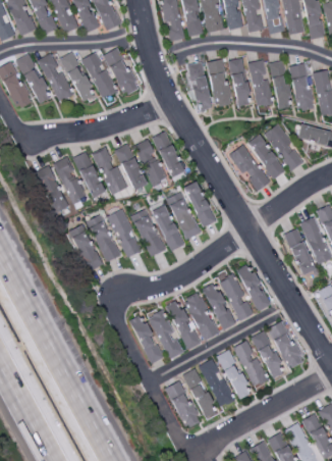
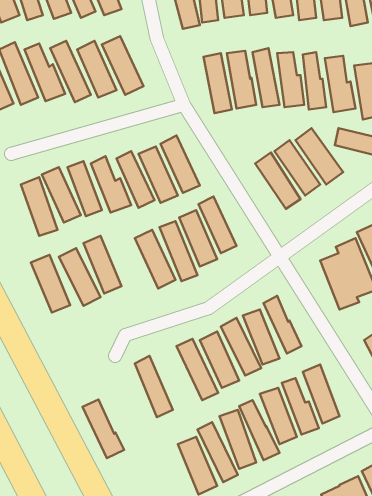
building: [109,209,142,257] -> [31,255,70,313]
building: [150,310,184,359] -> [82,399,124,458]

